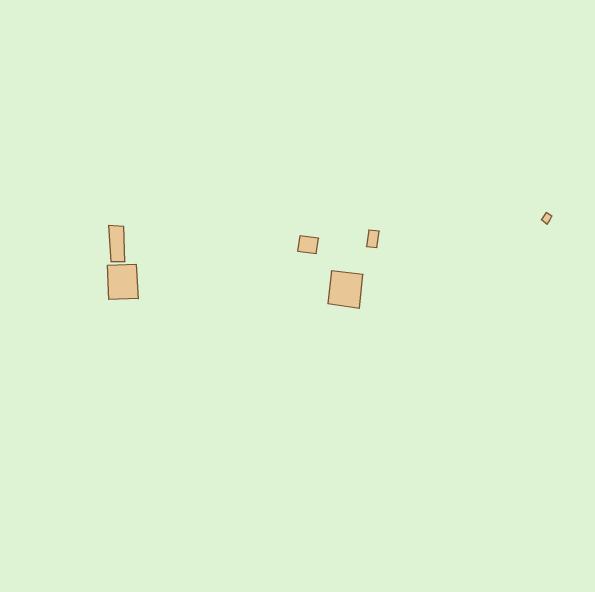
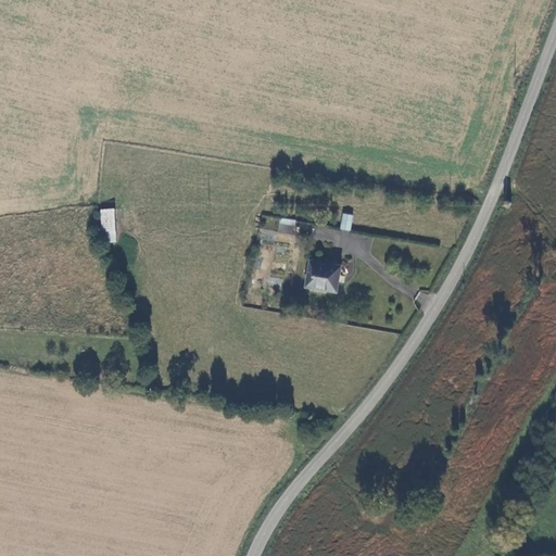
building: [108,264,138,299] -> none

